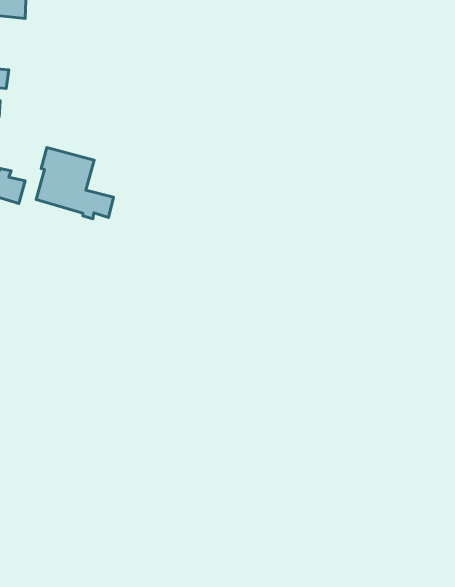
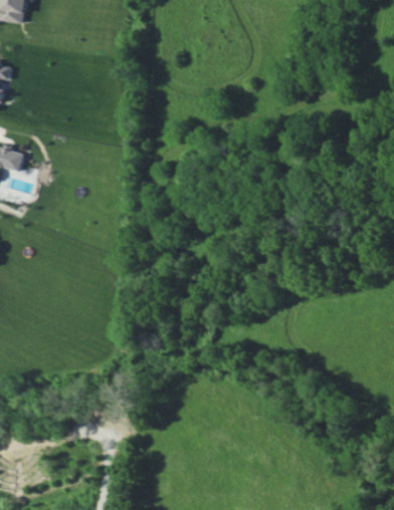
building: [36,147,114,219] -> none

